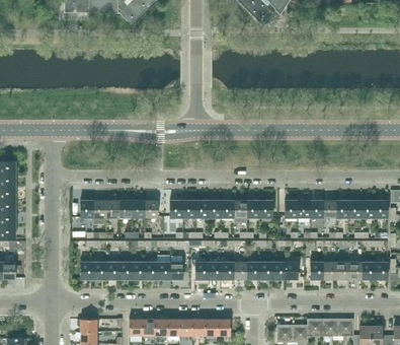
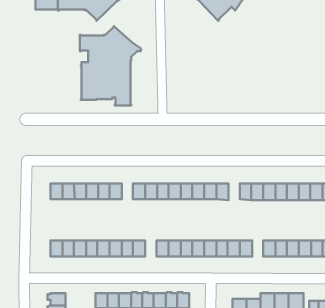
building: none -> [80,26,141,105]

